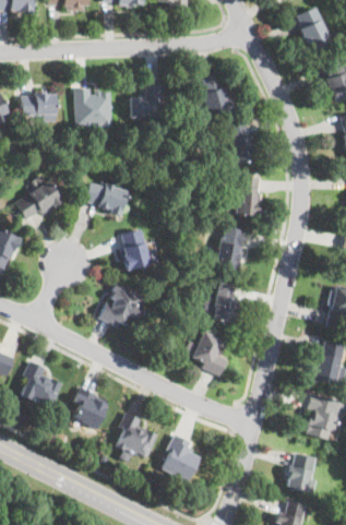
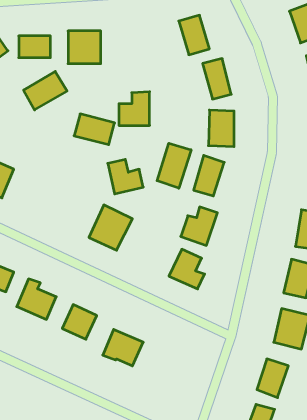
building: [131,82,165,119] -> [119,92,150,125]
building: [13,180,61,223] -> [24,71,67,110]
building: none -> [157,143,191,188]
building: [160,434,200,481] -> none

